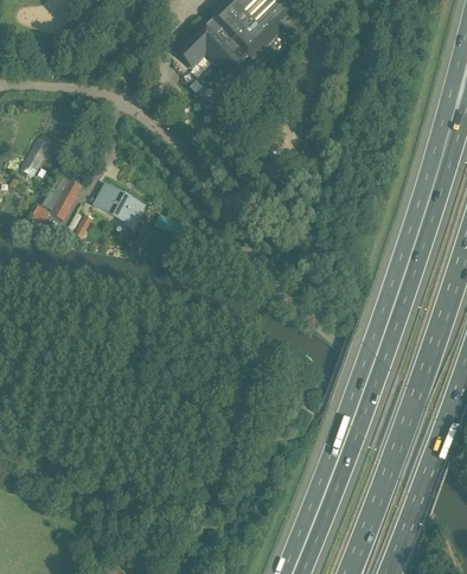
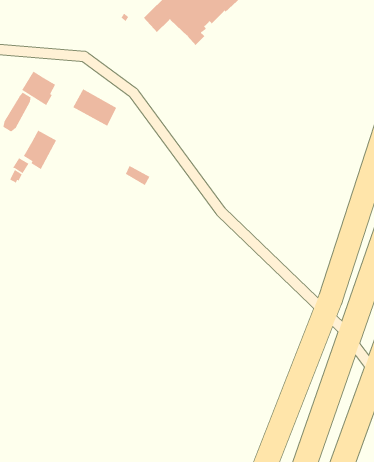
building: none -> [21,71,56,106]
building: [94,183,143,225] -> [72,88,117,127]

